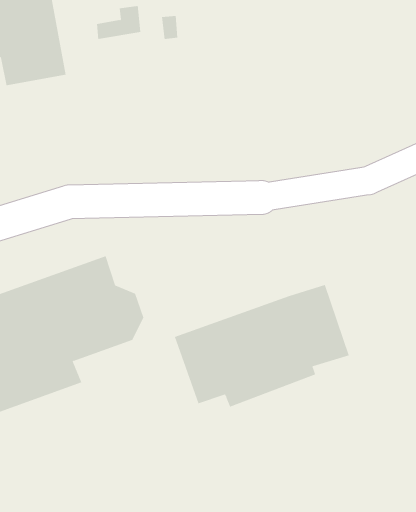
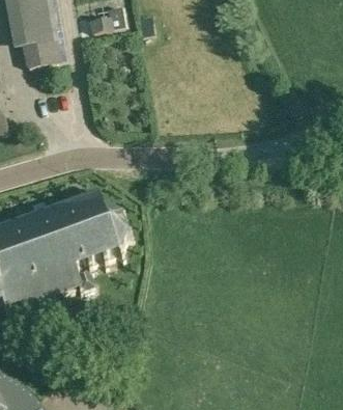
building: [174,284,350,407] -> none

